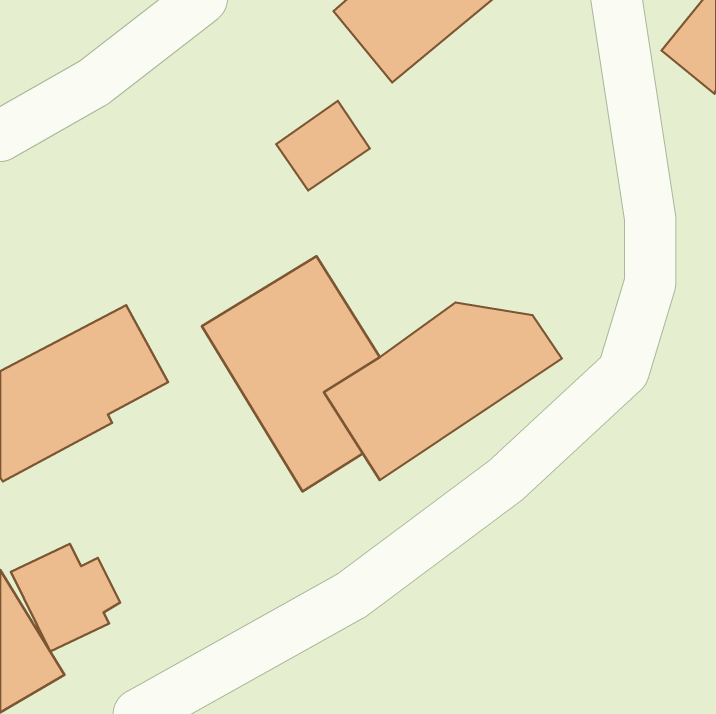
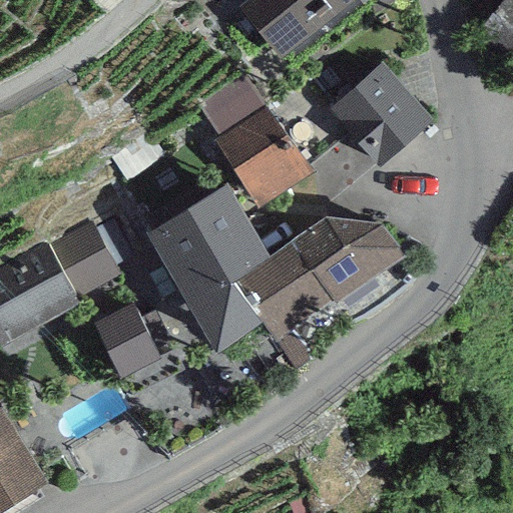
building: none -> [330,61,433,165]
building: none -> [213,104,312,207]
building: [11,544,120,652] -> [90,302,168,379]

